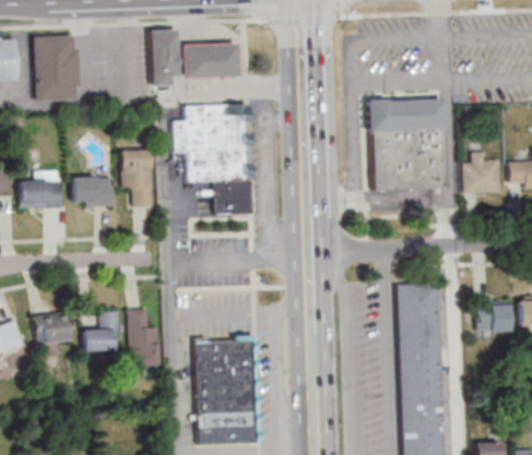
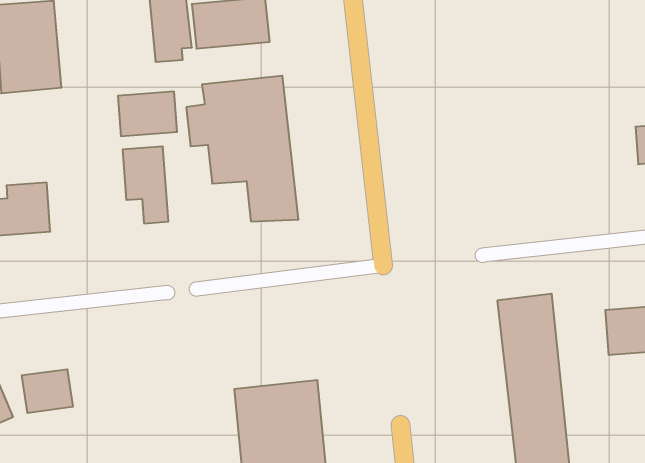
building: [370,95,447,190] -> none
building: [464,153,500,194] -> none
building: [72,177,115,207] -> [118,92,177,136]
building: [129,309,161,368] -> none
building: [84,311,119,351] -> none

